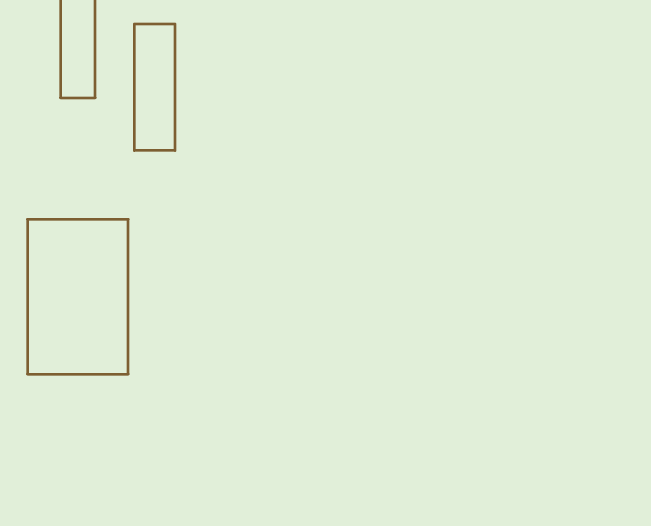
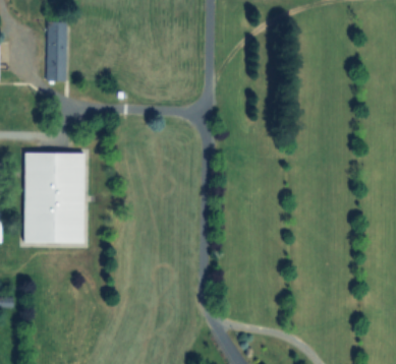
building: [134,24,175,151] -> none

